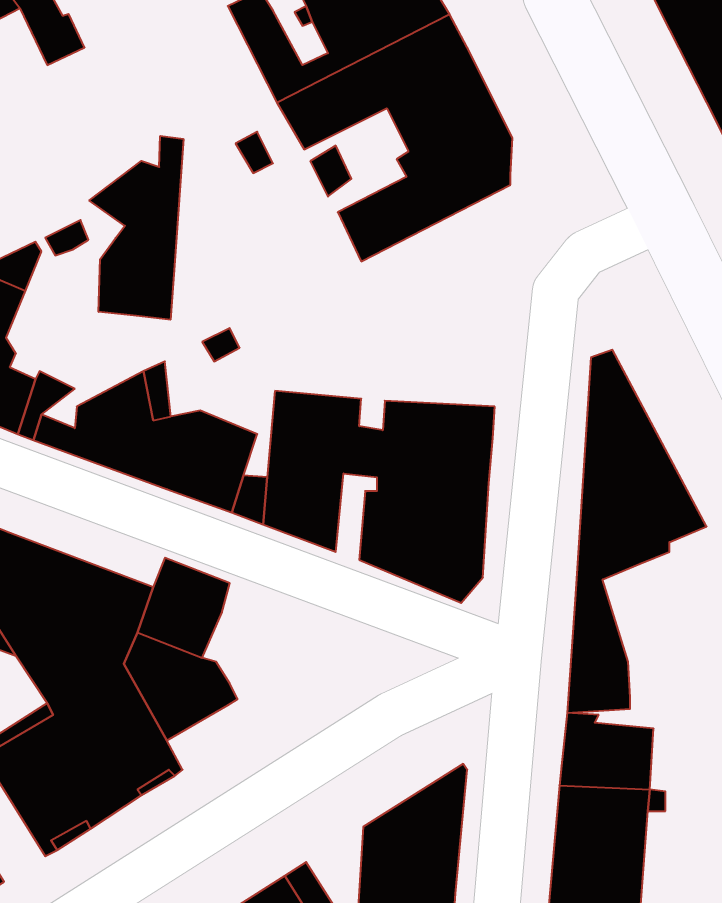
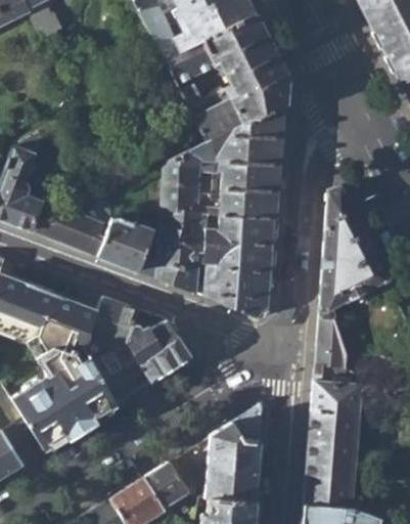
building: [89,136,183,320] -> none
building: none -> [163,101,285,217]
building: none -> [125,318,191,384]

